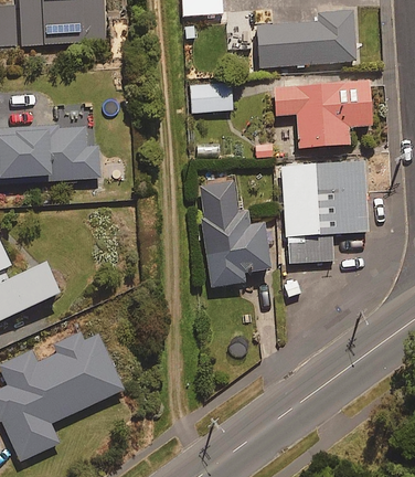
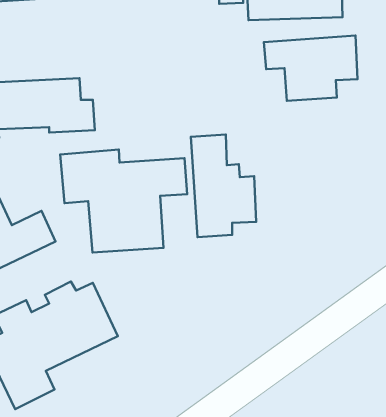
building: [190,84,231,113] -> none
building: [279,161,372,277] -> none
building: none -> [60,149,187,252]

